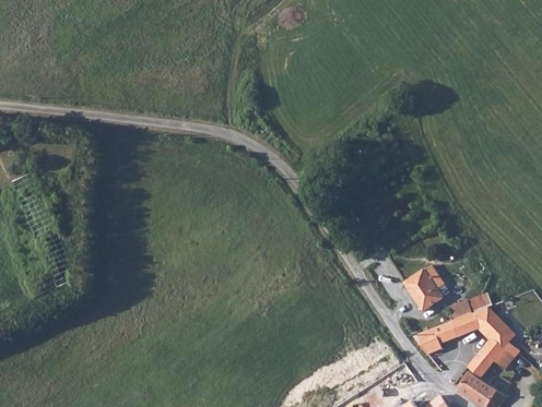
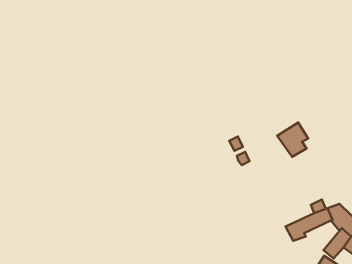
building: [402,265,443,310] -> [277,123,308,157]

